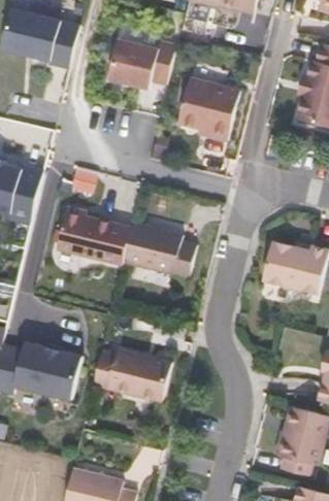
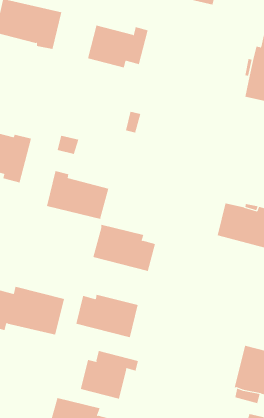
building: [175,78,236,141] -> none
building: [125,223,198,277] -> [93,224,156,271]
building: none -> [80,350,139,399]

